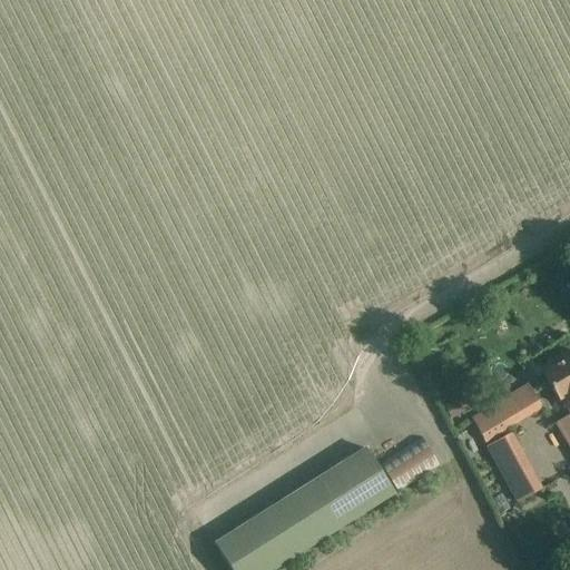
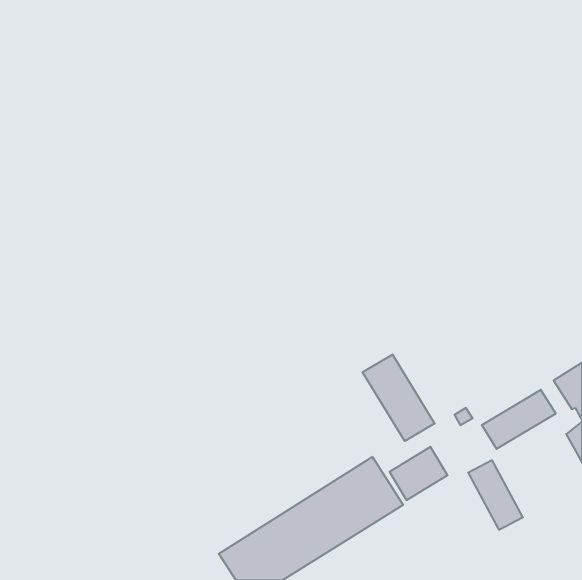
building: none -> [363,354,435,441]
building: [488,430,541,498] -> [468,460,523,530]

